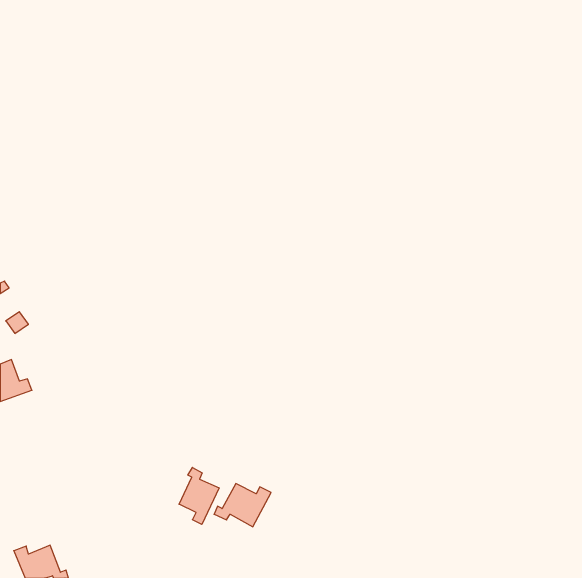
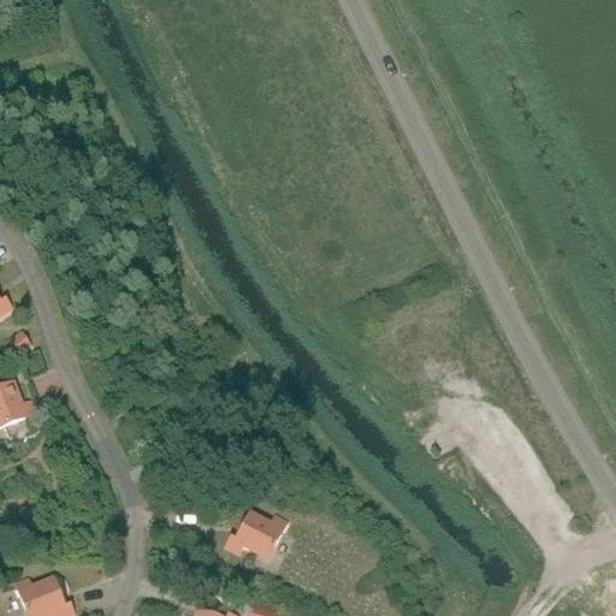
building: [179,467,219,524] -> none

